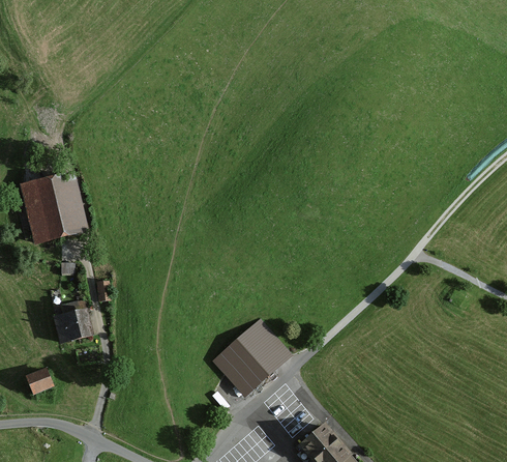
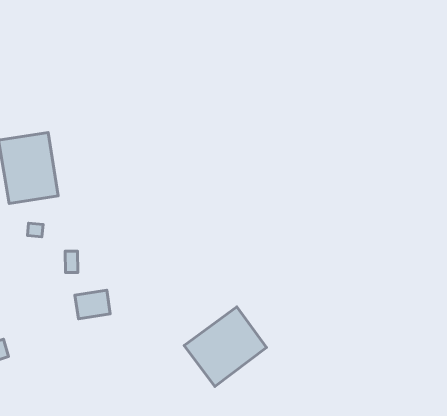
building: [54,312,88,341] -> [75,290,110,319]

